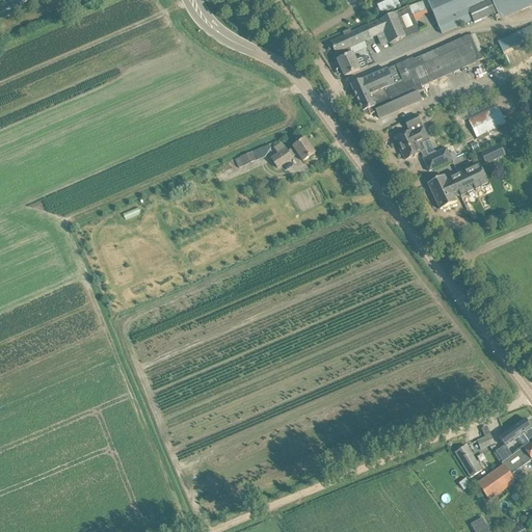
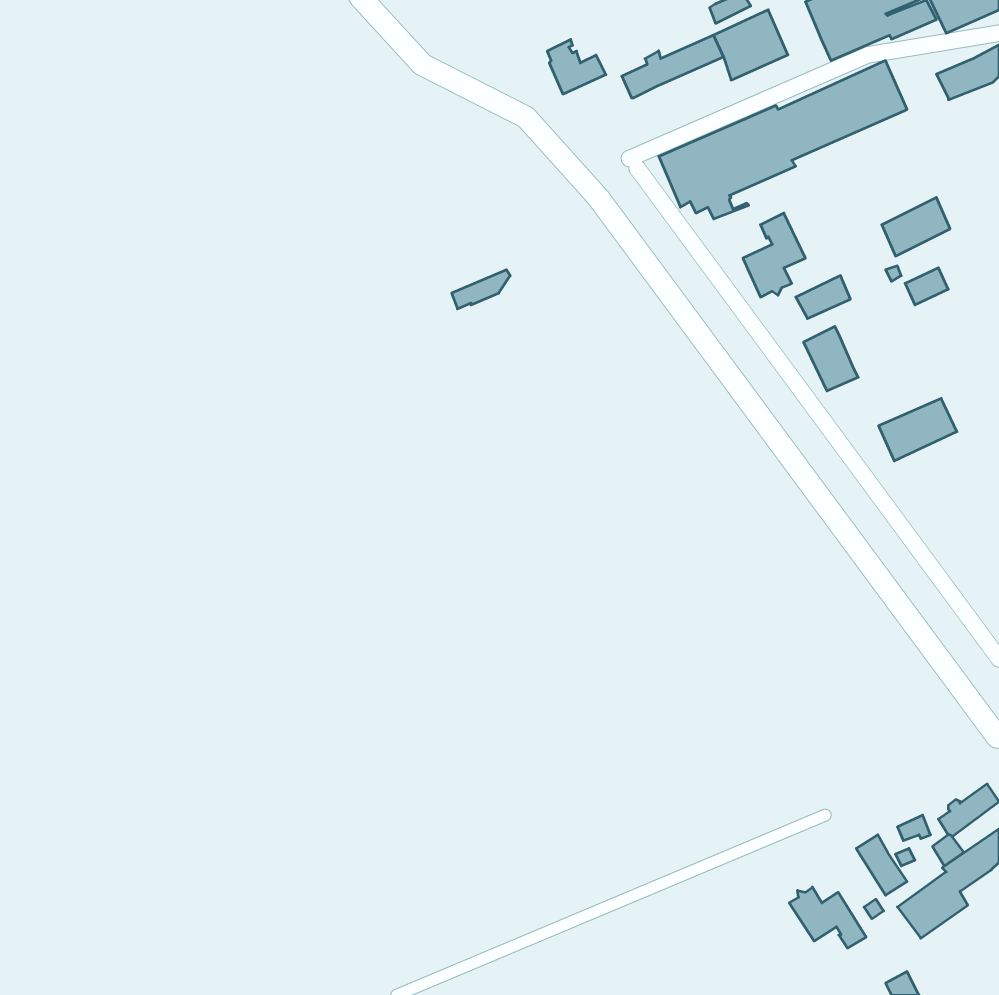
building: [337,46,368,75] -> [547,39,606,94]
building: [271,137,315,166] -> none
building: [446,163,487,196] -> [879,398,957,461]
building: none -> [789,887,866,948]

